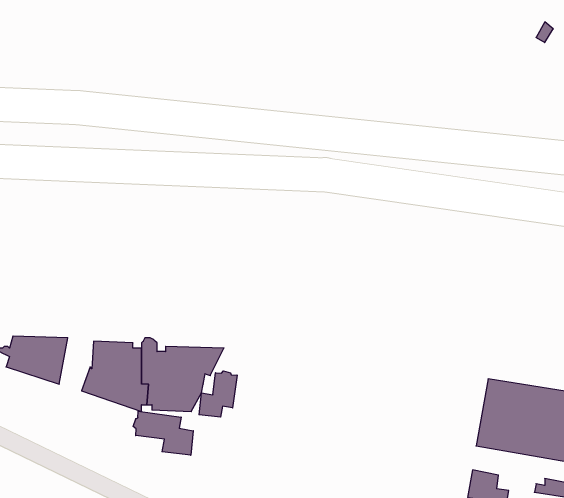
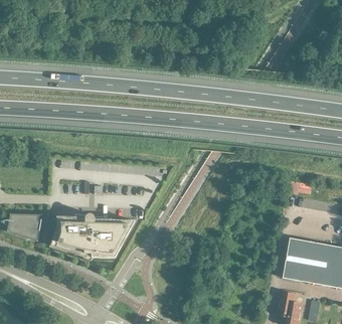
building: [199,371,237,417] -> none
building: [133,411,193,455] -> none

